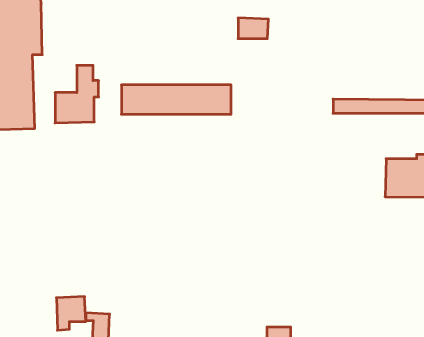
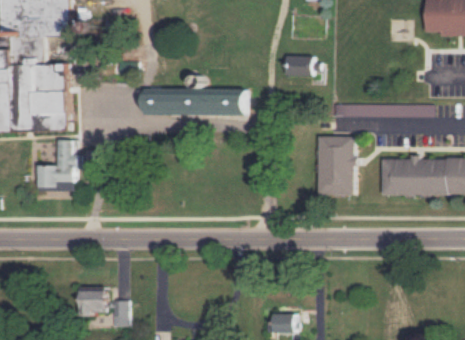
building: [238,18,268,39] -> [282,57,310,76]
building: [55,65,99,123] -> [34,141,74,194]
building: none -> [319,135,357,194]

